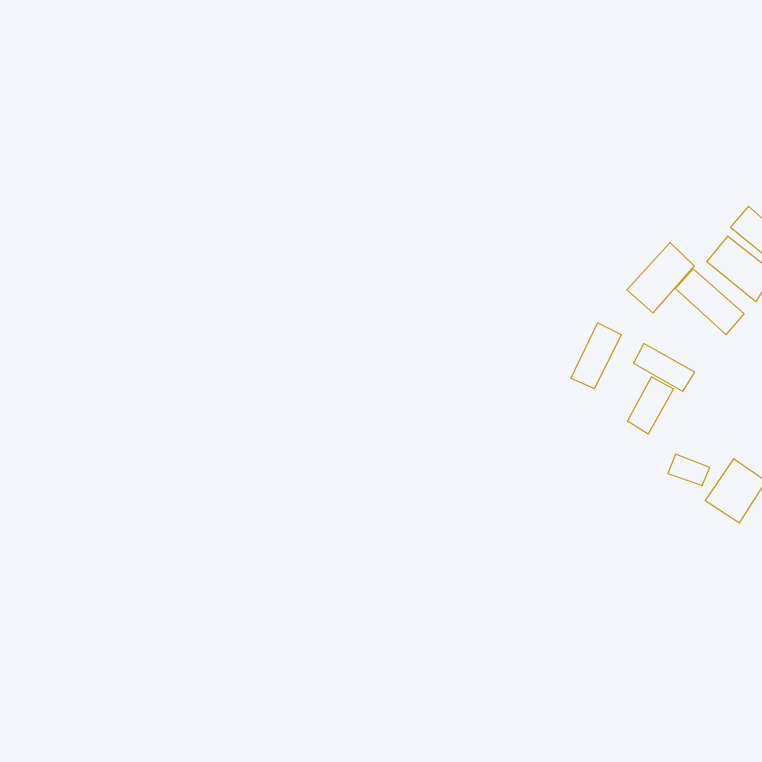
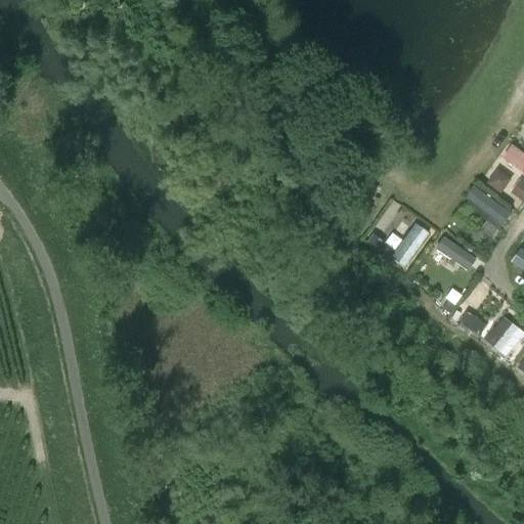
building: [627,242,694,313] -> none
building: [627,377,674,434] -> none

